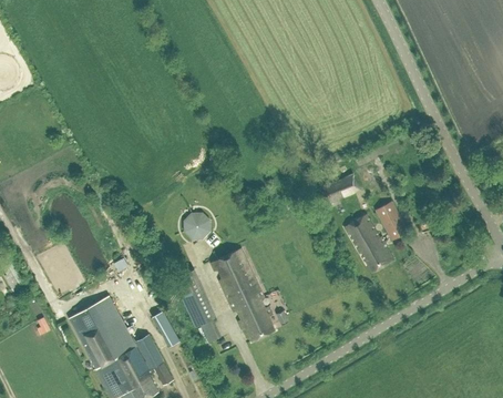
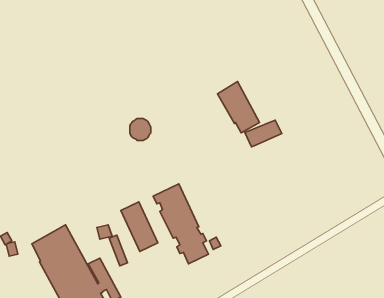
building: [376,202,408,241] -> none
building: [185,213,209,238] -> [130,119,151,140]
building: [345,213,393,273] -> [217,82,259,133]

